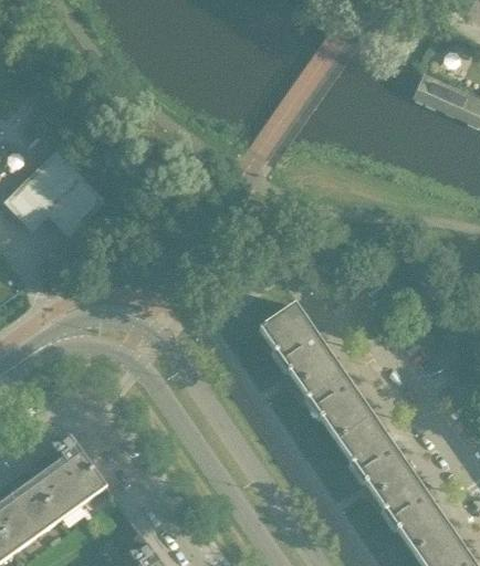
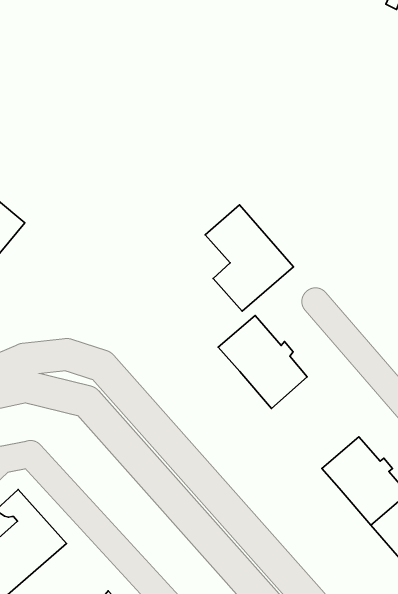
building: none -> [205,205,293,311]
building: [300,359,374,441] -> none

